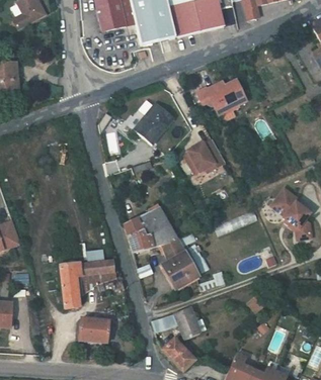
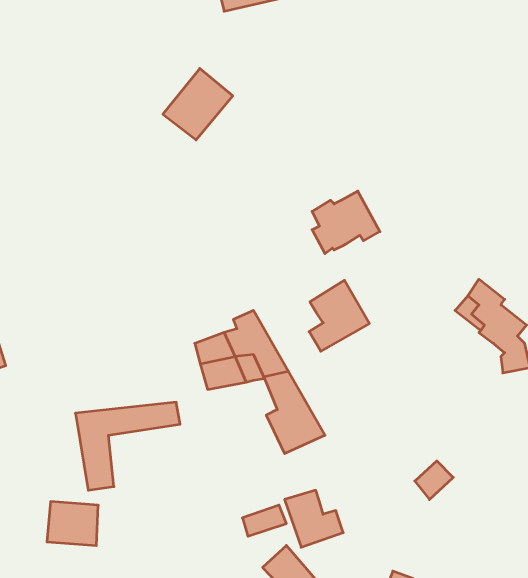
building: [195,81,246,117] -> none
building: [135,102,173,141] -> [163,68,233,140]
building: none -> [309,280,369,351]
building: [81,317,109,342] -> [47,502,98,546]

